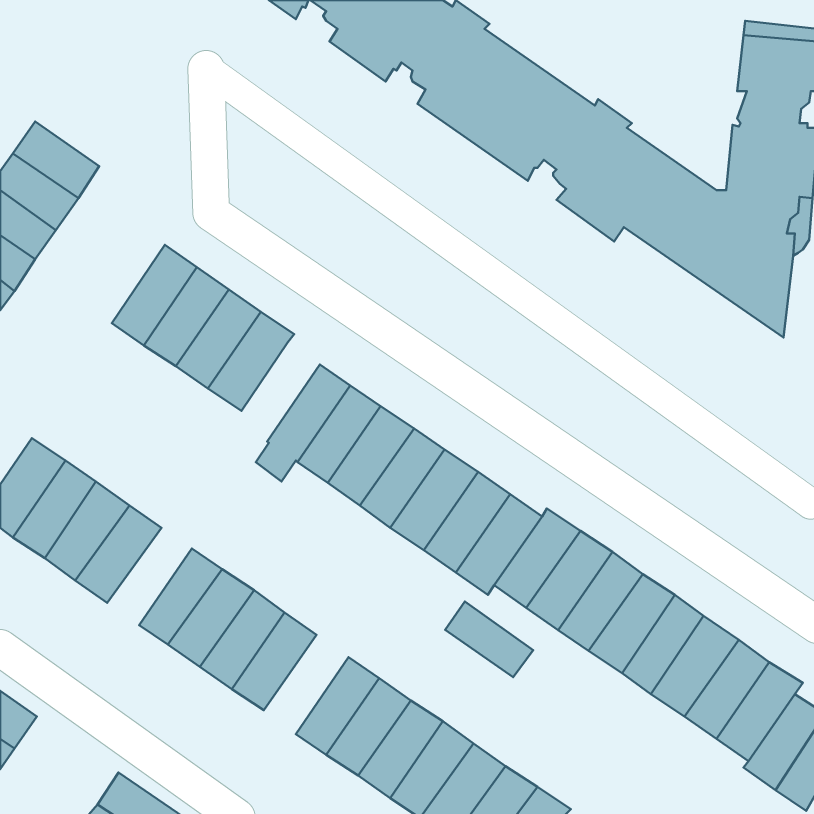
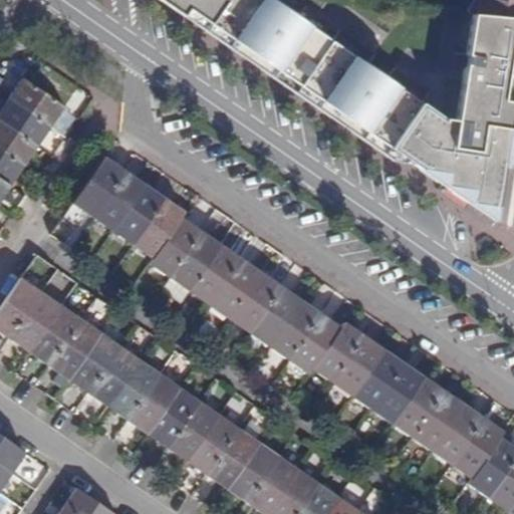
building: none -> [150,217,203,279]
building: none -> [69,333,130,395]
building: [445,602,533,677] -> none
building: none -> [168,401,221,463]

